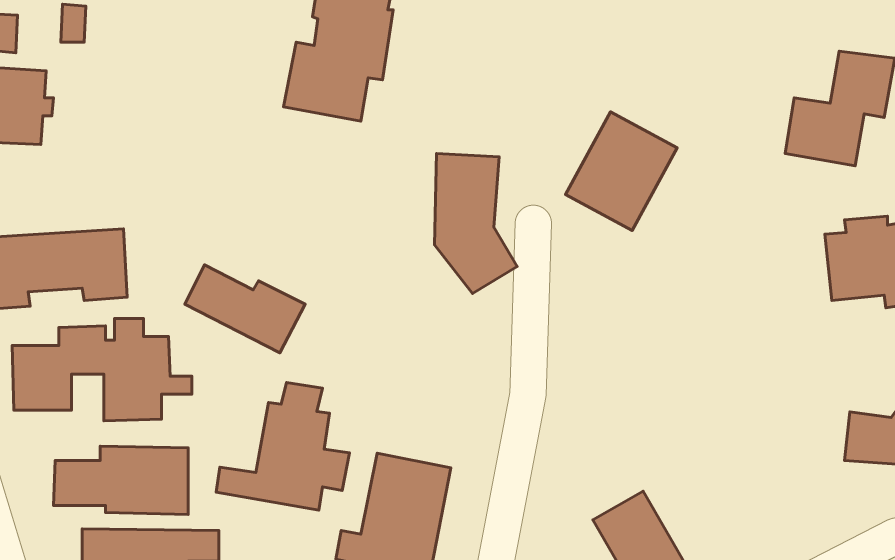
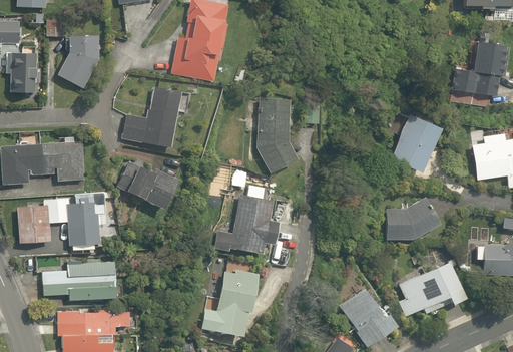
building: none -> [58,38,104,88]
building: [566,112,677,230] -> [385,110,447,177]
building: none -> [120,87,182,148]
building: none -> [381,199,443,241]
building: [216,383,349,510] -> [208,184,283,255]
building: none -> [397,260,469,319]

